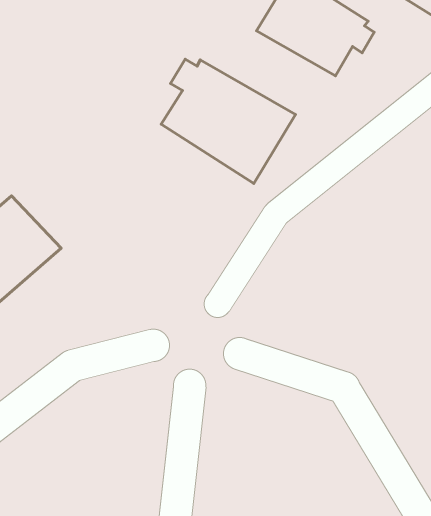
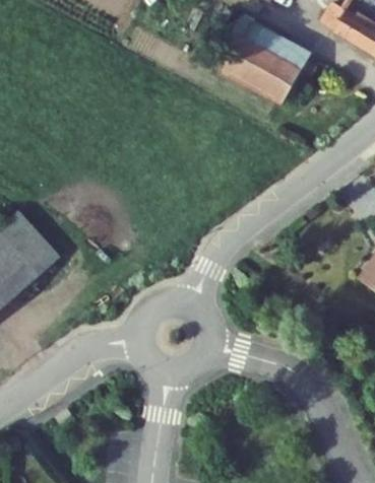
building: [161,59,295,183] -> none

